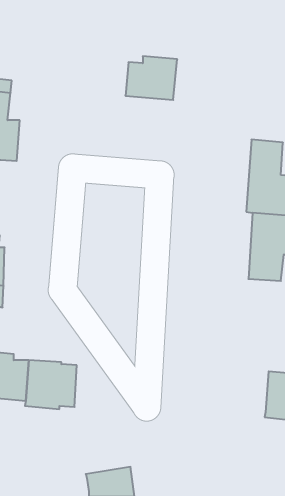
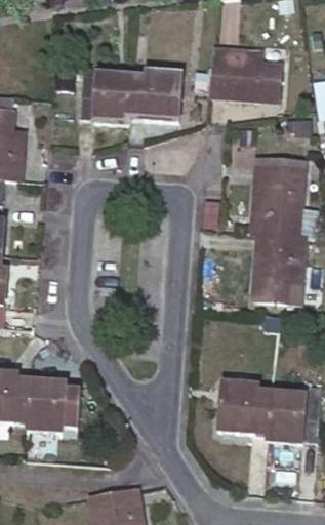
building: none -> [211,51,280,100]
building: none -> [78,77,133,126]
building: none -> [219,381,275,433]

